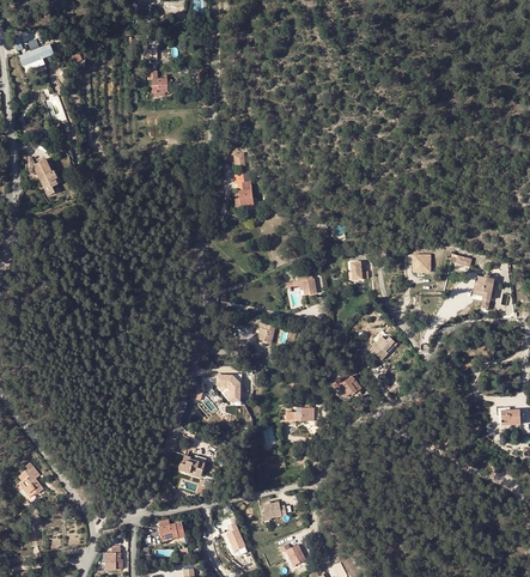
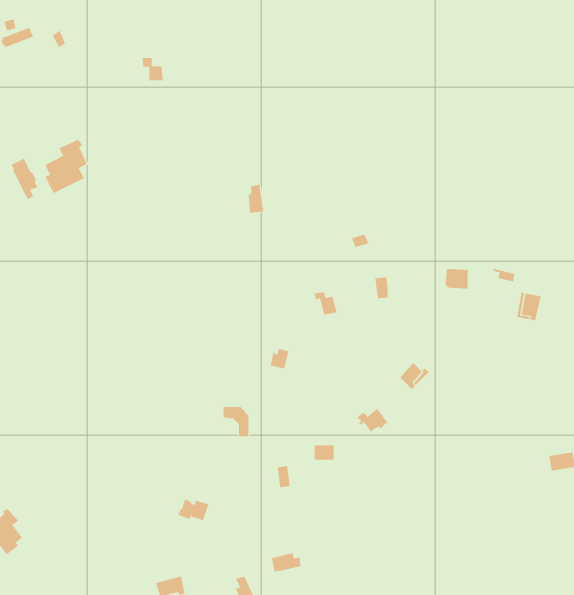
building: none -> [44,139,87,194]

